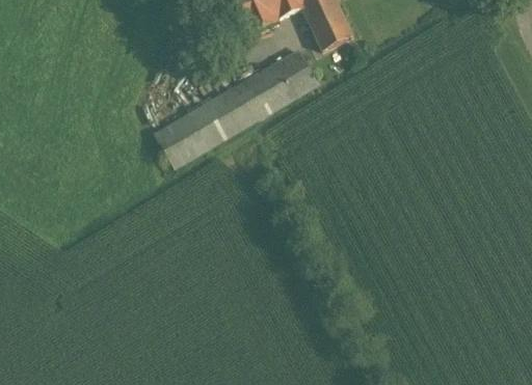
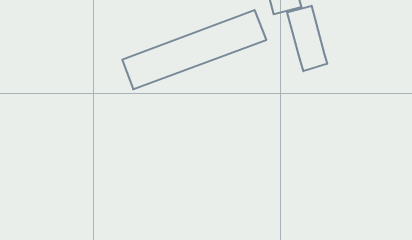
building: none -> [287,6,327,71]

